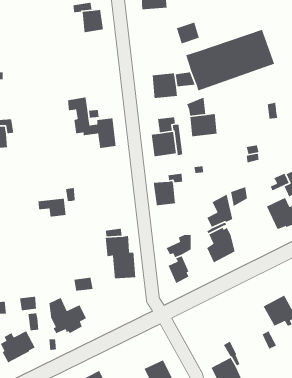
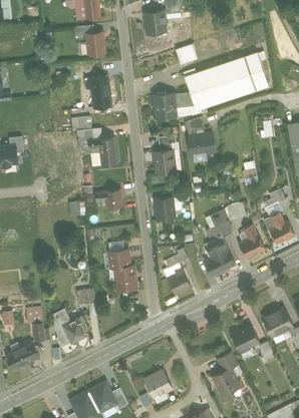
building: none -> [85,76,110,108]
building: [37,198,67,218] -> [95,189,123,208]
building: none -> [236,225,263,259]
building: none -> [228,322,258,352]

